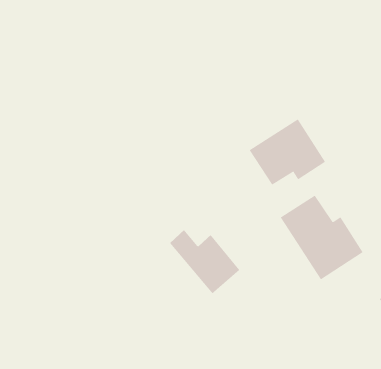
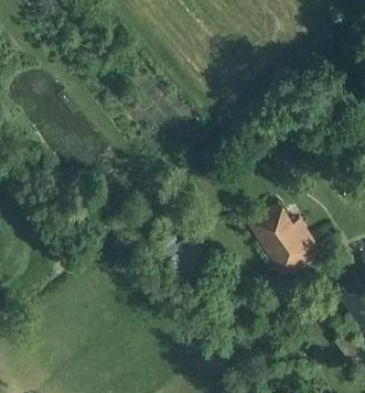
building: [249,118,326,186] -> none

